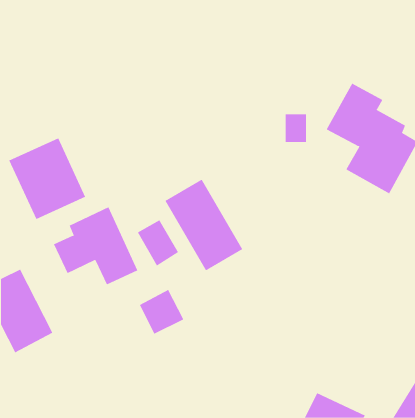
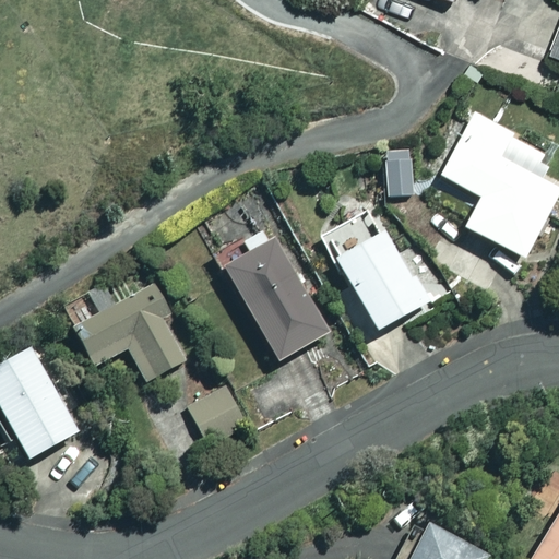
building: [9,137,86,220] -> none
building: none -> [329,210,426,330]
building: [137,220,179,266] -> none

